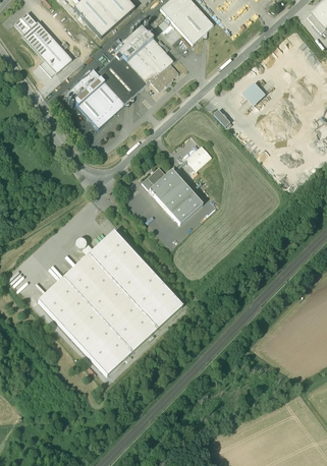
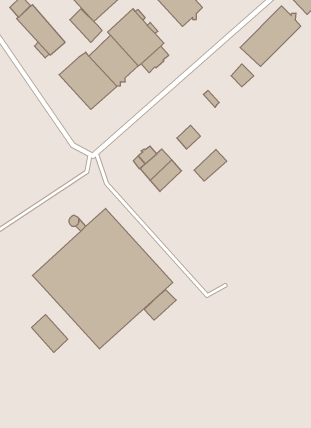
building: none -> [240,6,301,66]
building: none -> [70,9,102,42]
building: [169,190,203,223] -> [194,149,227,181]
building: none -> [144,289,176,320]
building: none -> [32,315,68,352]

